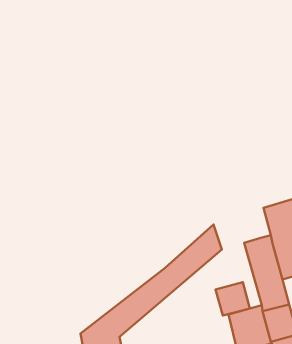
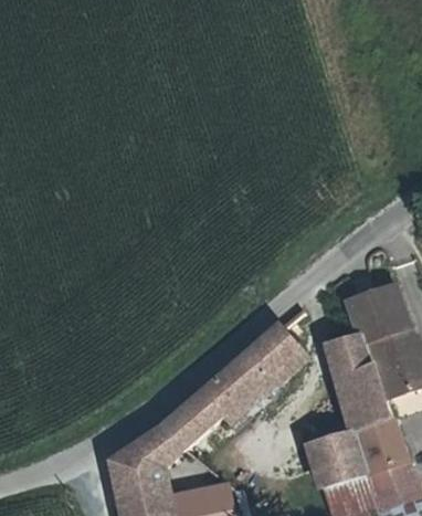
building: [215,282,250,315] -> none

